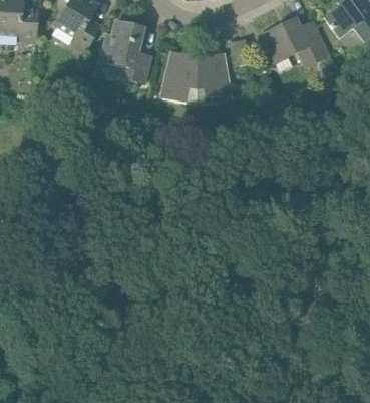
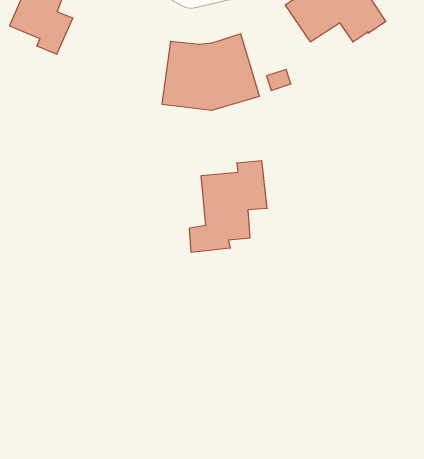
building: [104,20,150,83] -> none
building: none -> [190,160,267,252]

